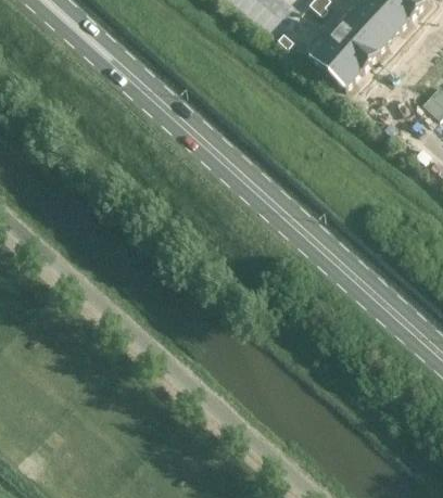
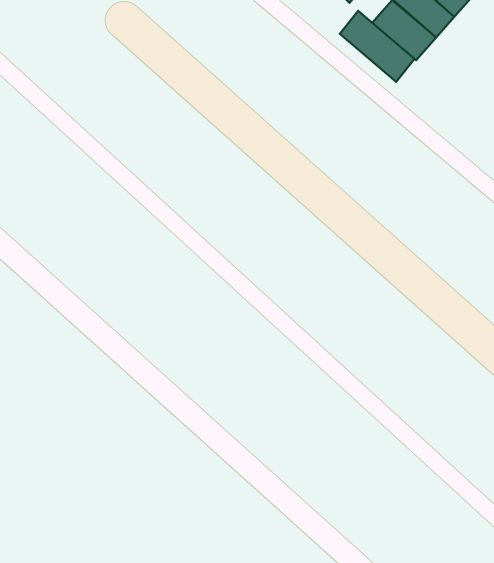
building: none -> [340,11,415,82]

